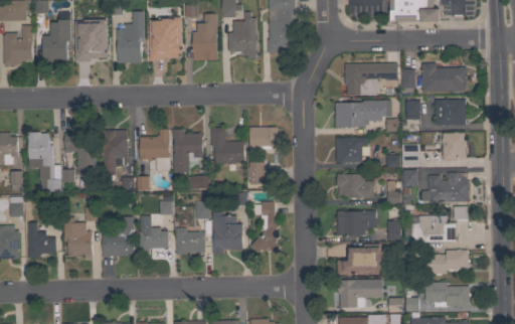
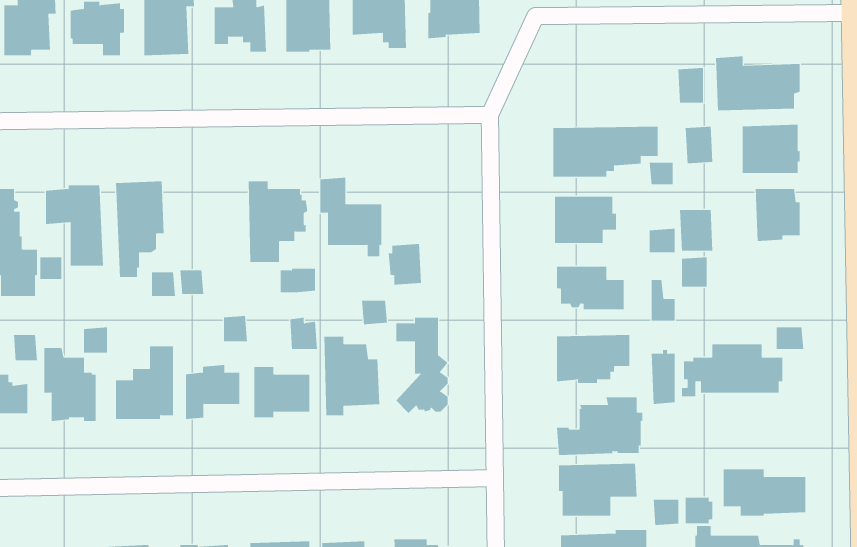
building: [345,62,397,95] -> none
building: [248,127,277,149] -> none
building: [139,129,169,171] -> none
building: [427,172,468,201] -> none
building: [423,250,468,274] -> none

